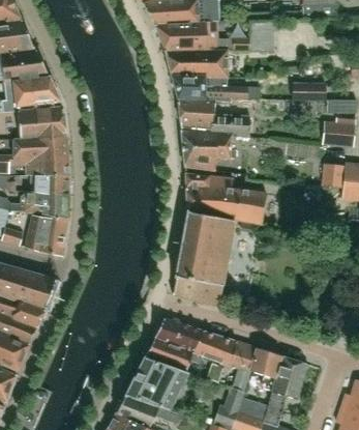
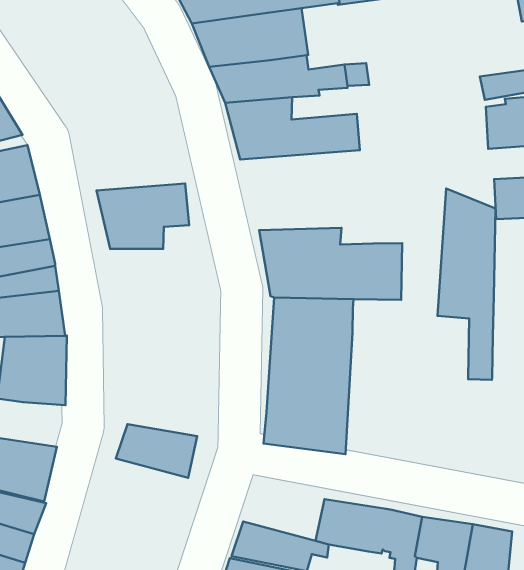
building: [292,84,325,101] -> none
building: [181,132,232,170] -> [96,184,189,249]
building: none -> [437,188,496,380]
building: [154,318,202,353] -> [116,424,197,478]

